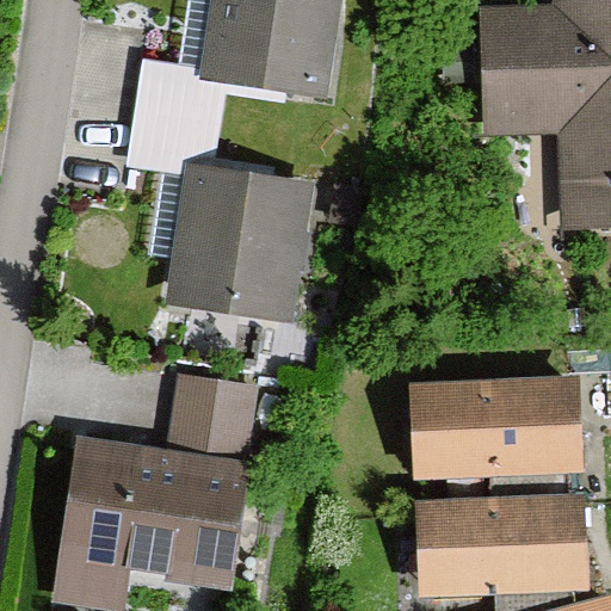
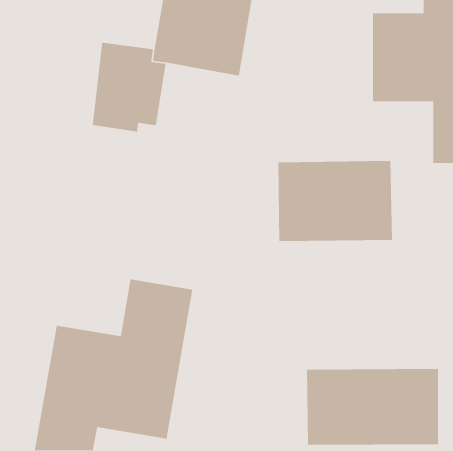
building: [166,166,315,326] -> none
building: none -> [278,160,393,242]
building: [407,372,581,480] -> none

